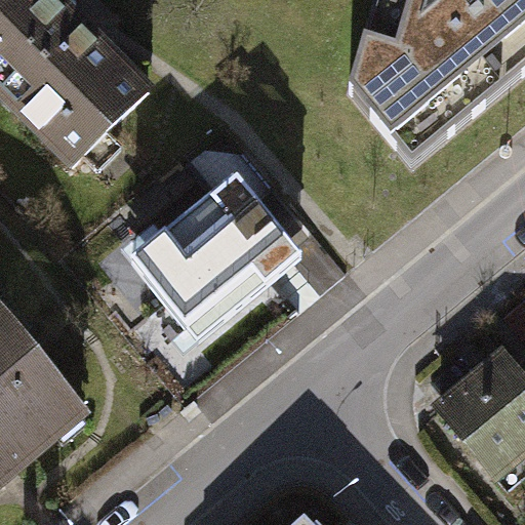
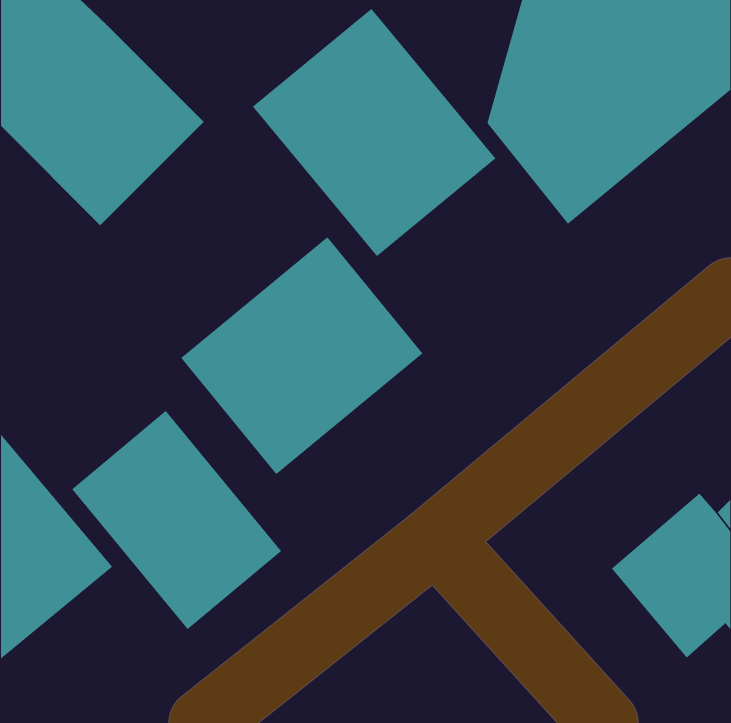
building: none -> [252,8,496,257]
building: none -> [71,410,282,630]

